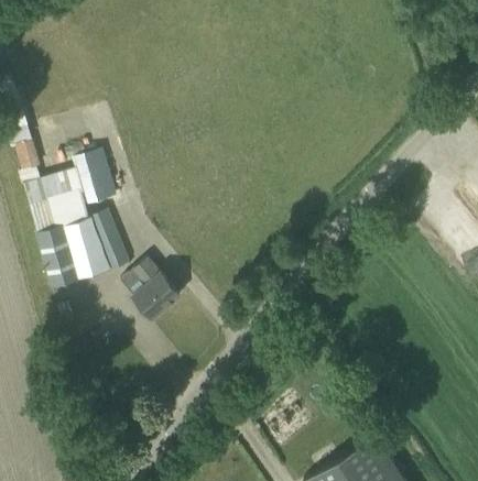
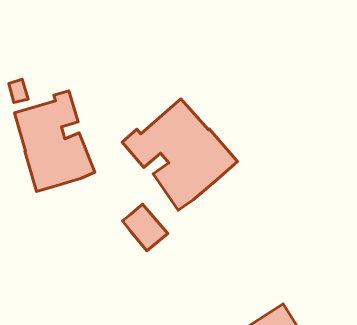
building: none -> [122,99,238,210]
building: [121,258,181,319] -> [123,204,168,251]

